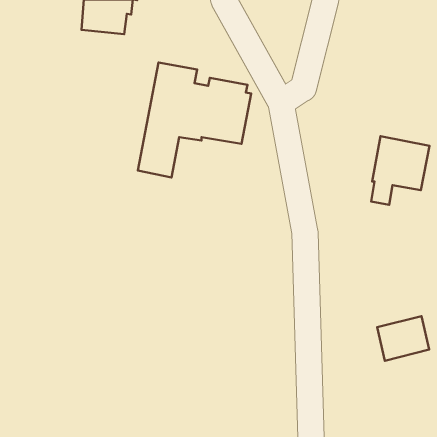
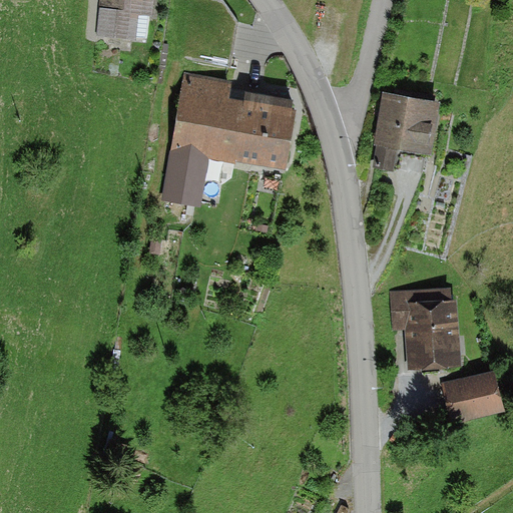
building: [371,136,429,205] -> [371,91,439,171]
building: none -> [392,288,459,369]

